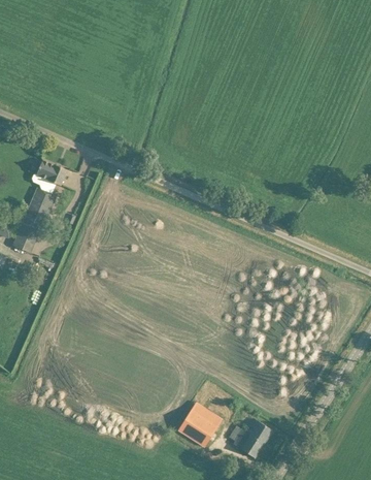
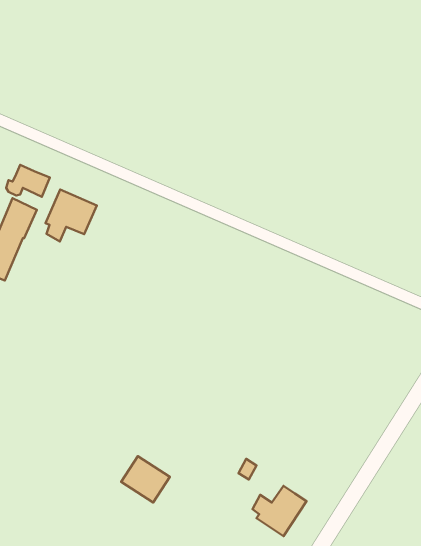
building: none -> [46,190,97,241]
building: [178,410,217,447] -> [121,456,170,502]

